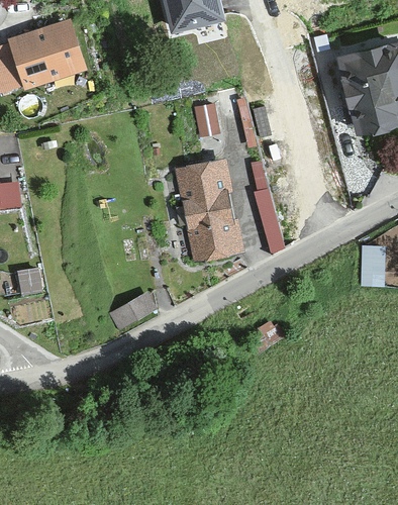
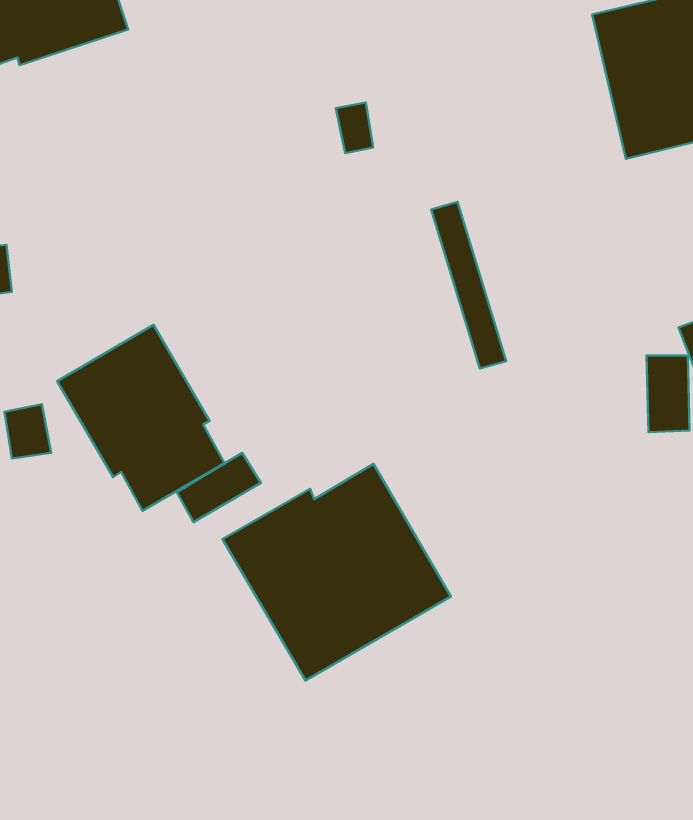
building: [174,160,241,264] -> none
building: none -> [57,325,225,511]
building: none -> [223,464,451,681]

